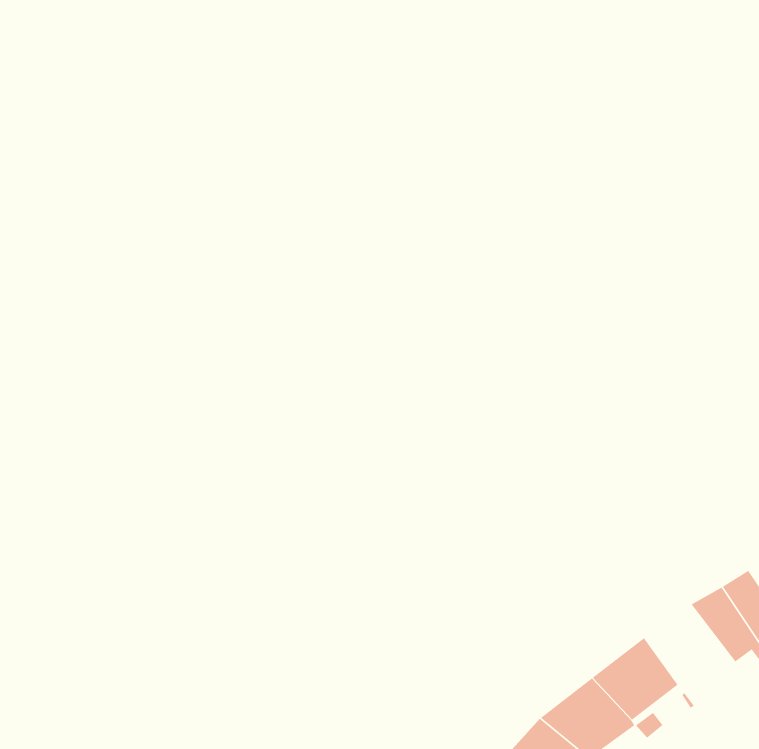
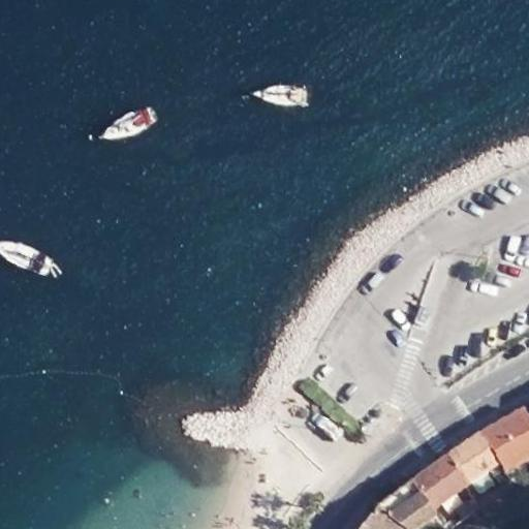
building: none -> [448,428,517,484]

